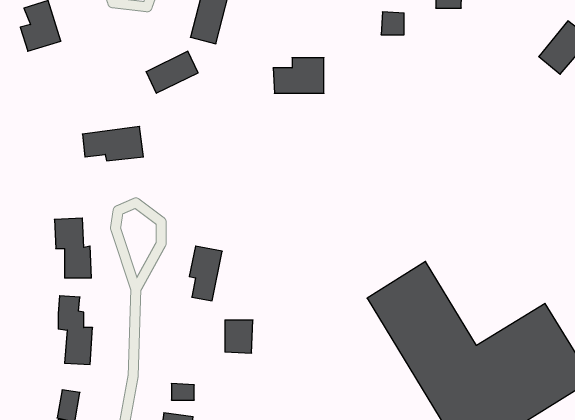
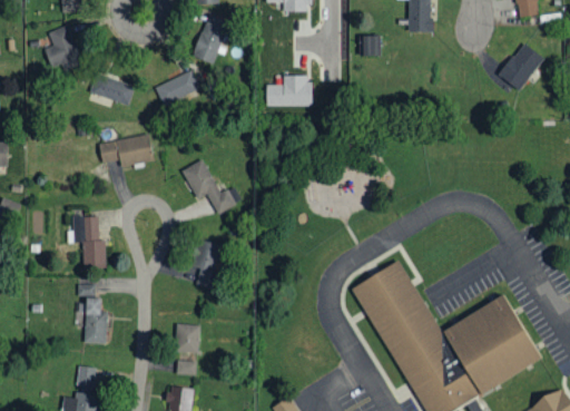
building: none -> [91,74,135,106]
building: none -> [181,159,236,216]
building: [225,320,253,353] -> [176,325,200,354]

